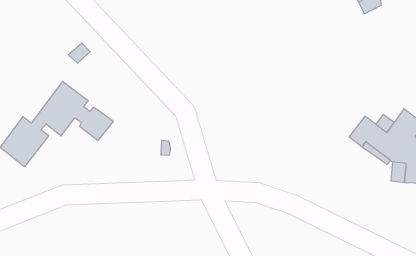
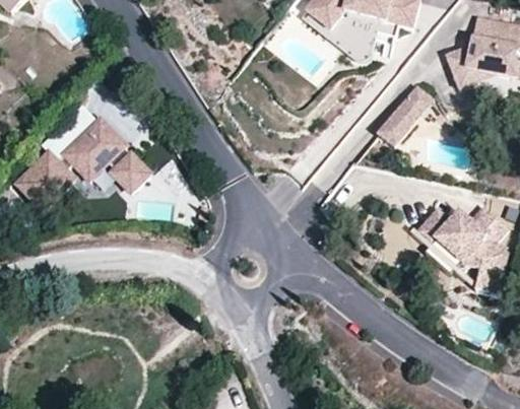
building: none -> [381,82,437,144]

